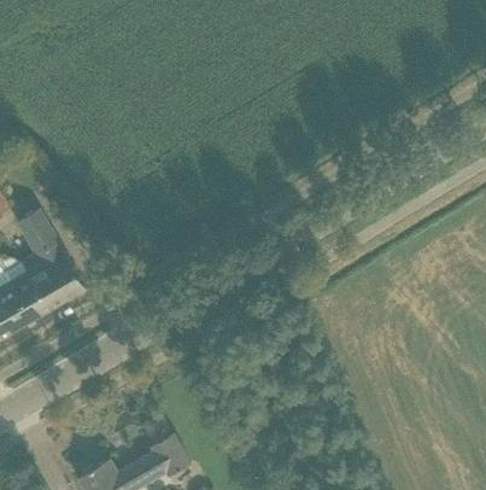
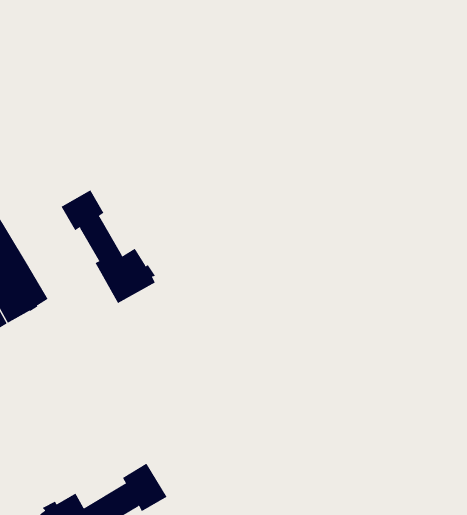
building: none -> [61,189,156,304]

